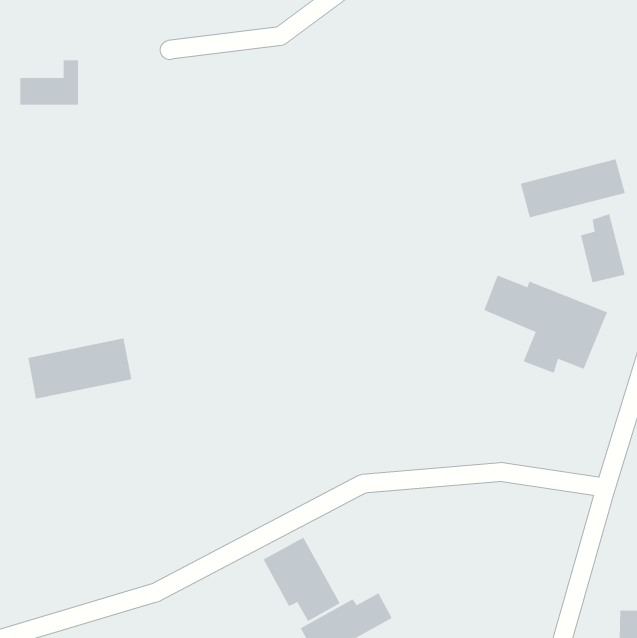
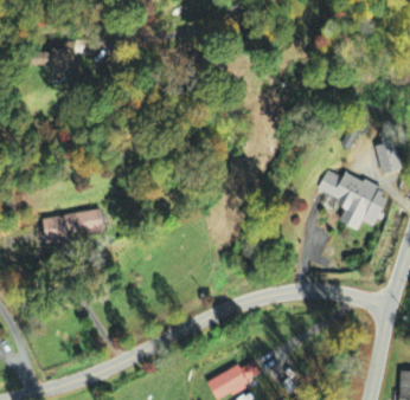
building: [520,158,626,218] -> none
building: [263,537,340,622] -> none

